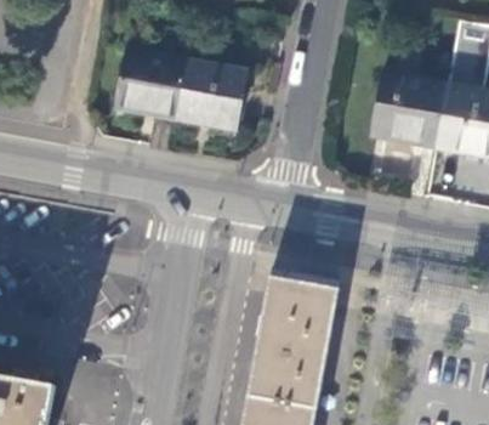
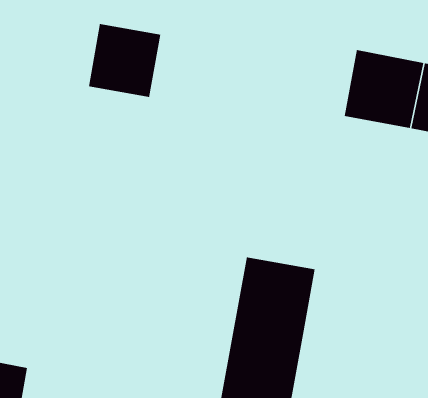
building: [175,57,245,130] -> none

